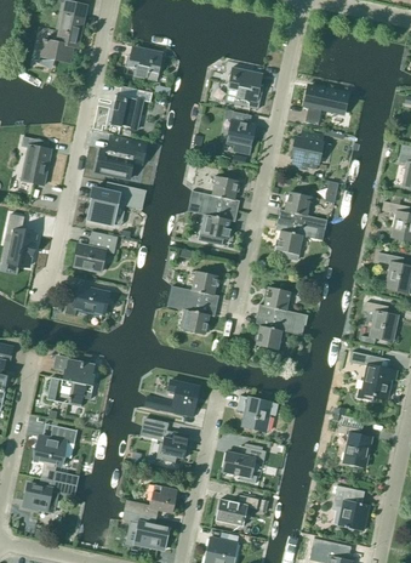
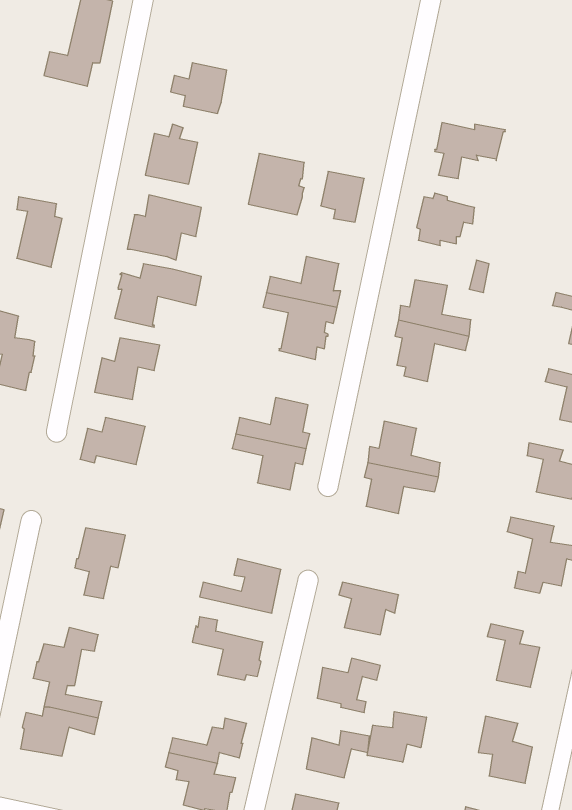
building: [224,68,262,109] -> [248,153,304,215]
building: none -> [367,712,426,762]

